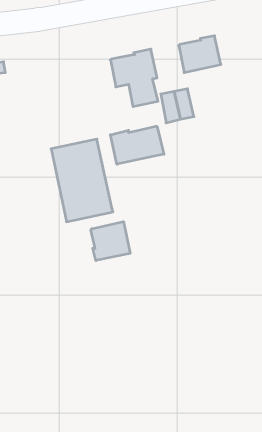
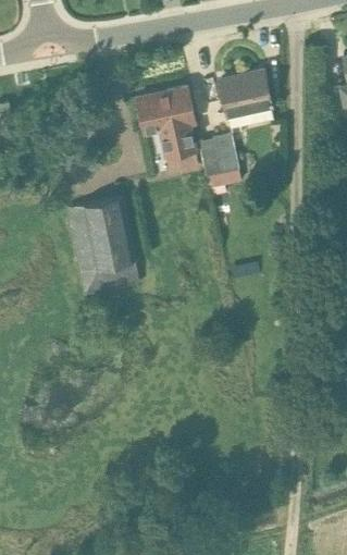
building: [110,126,164,164] -> none
building: [91,222,130,261] -> none

